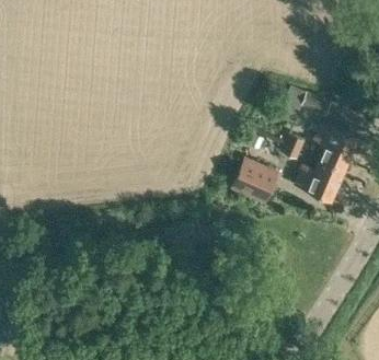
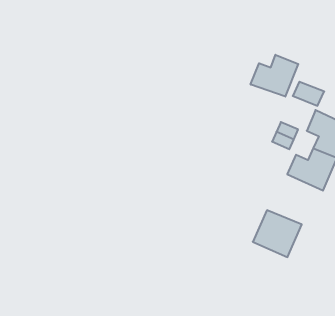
building: none -> [251,55,298,97]
building: [230,158,279,205] -> [253,210,302,257]

